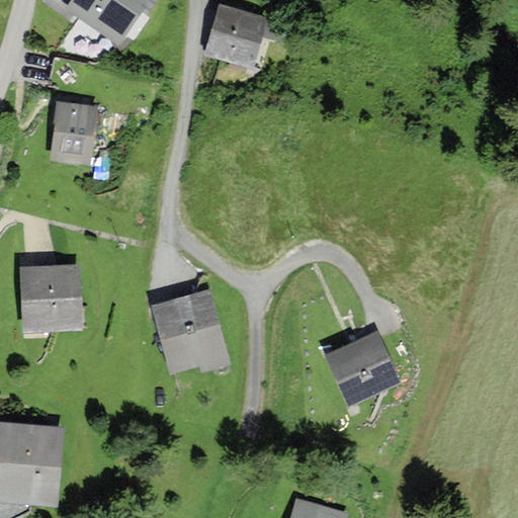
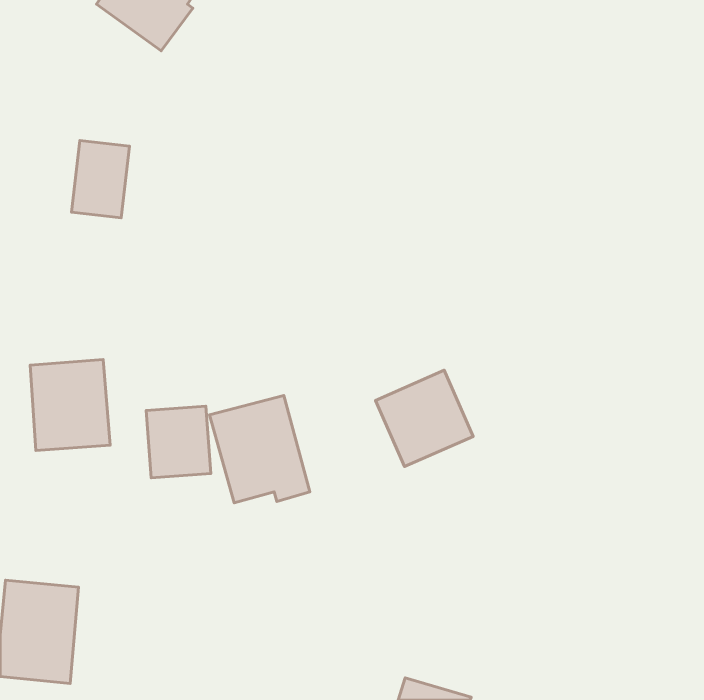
building: [209,6,263,61] -> none
building: none -> [146,406,211,478]
building: [327,332,399,403] -> [375,370,473,467]

